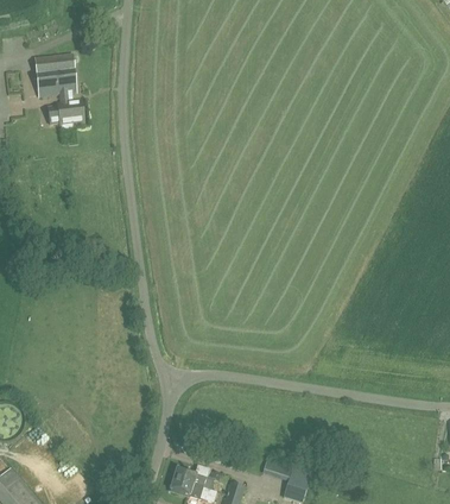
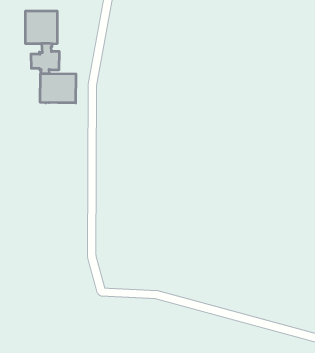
building: none -> [40,73,76,103]

